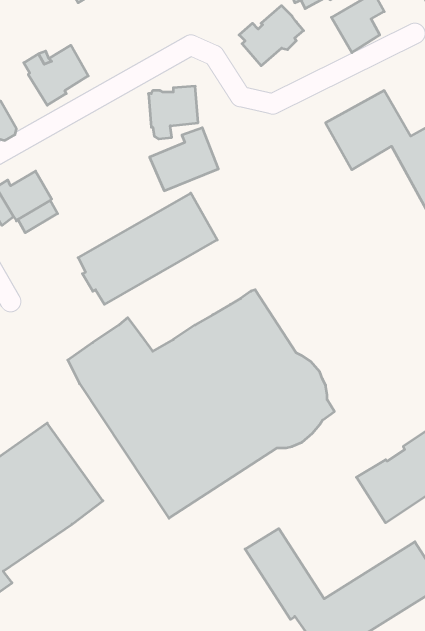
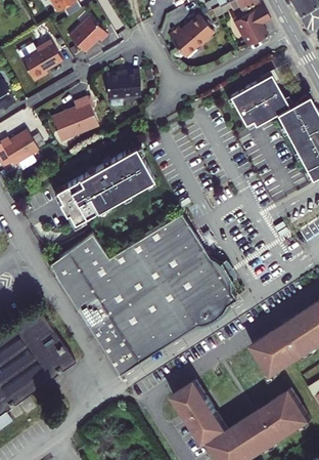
building: none -> [69,17,107,54]
building: [150,128,218,191] -> [50,98,98,142]

